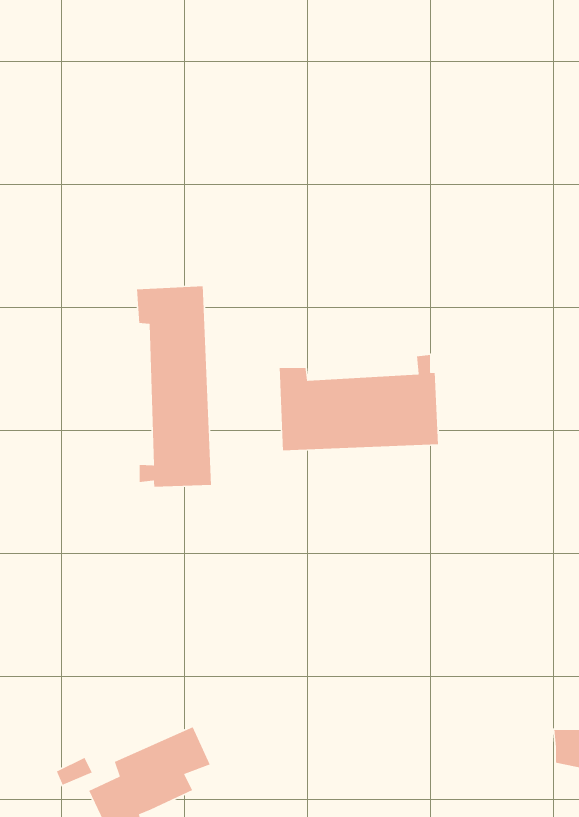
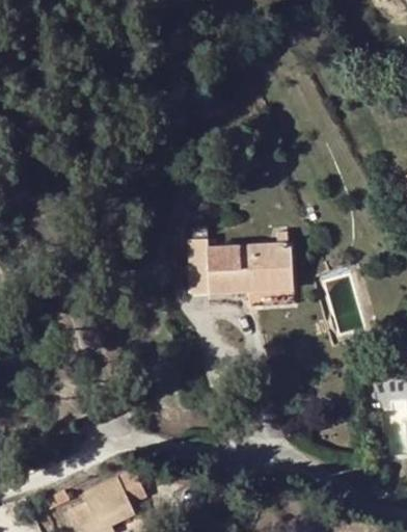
building: [136,286,212,487] -> none

